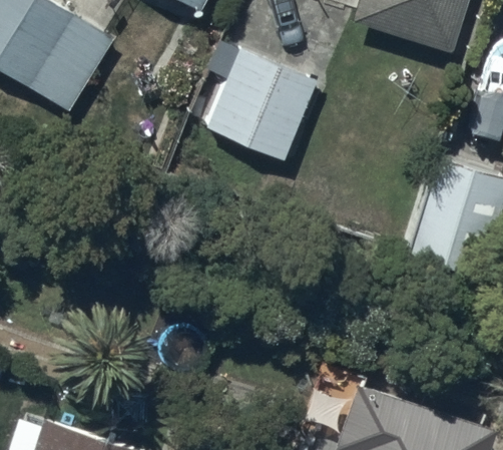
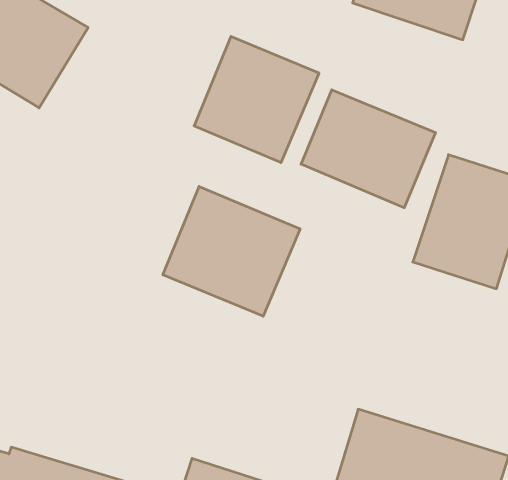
building: none -> [301,90,436,208]
building: none -> [163,186,300,316]

